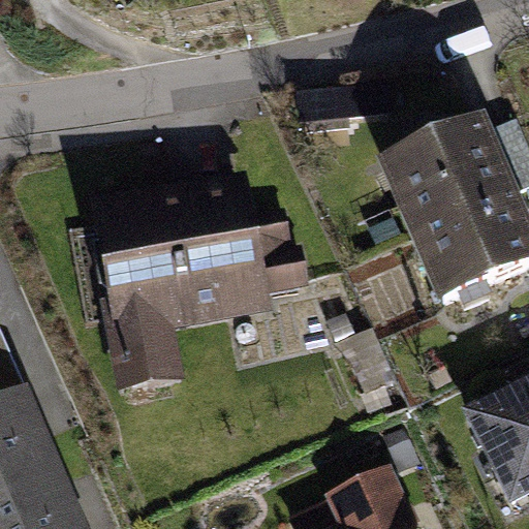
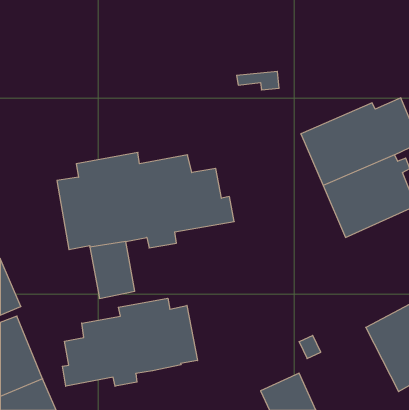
building: none -> [62,298,197,386]

